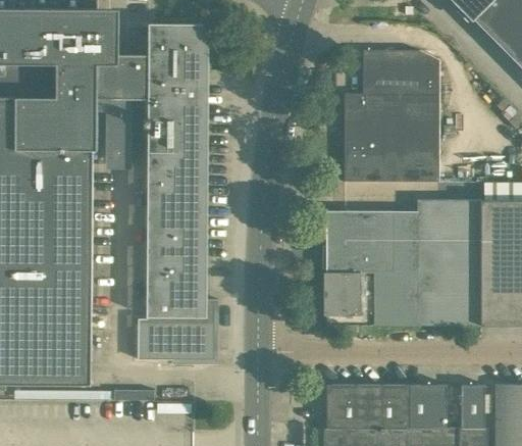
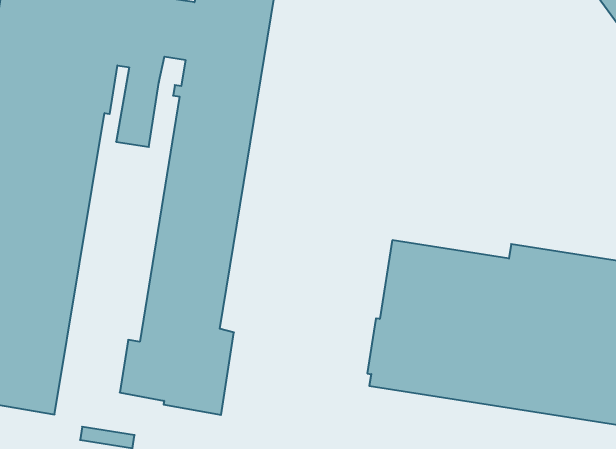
building: [344,50,439,182] -> none

